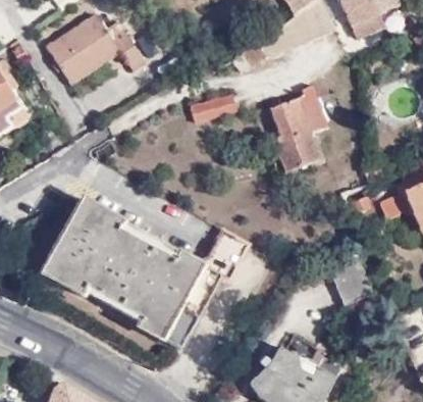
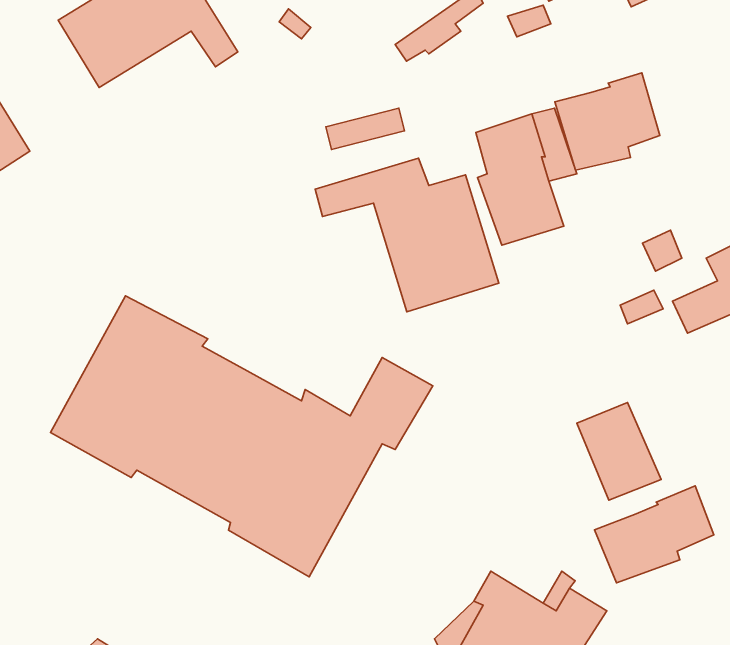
building: none -> [555,73,660,170]
building: none -> [315,158,499,312]
building: none -> [594,486,714,583]

